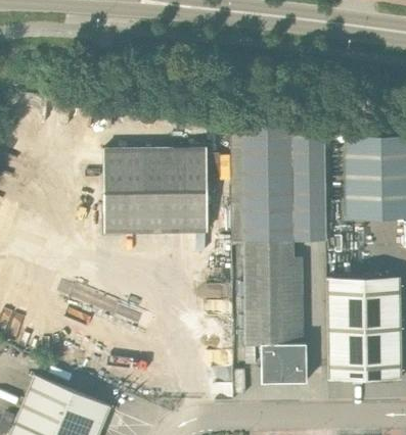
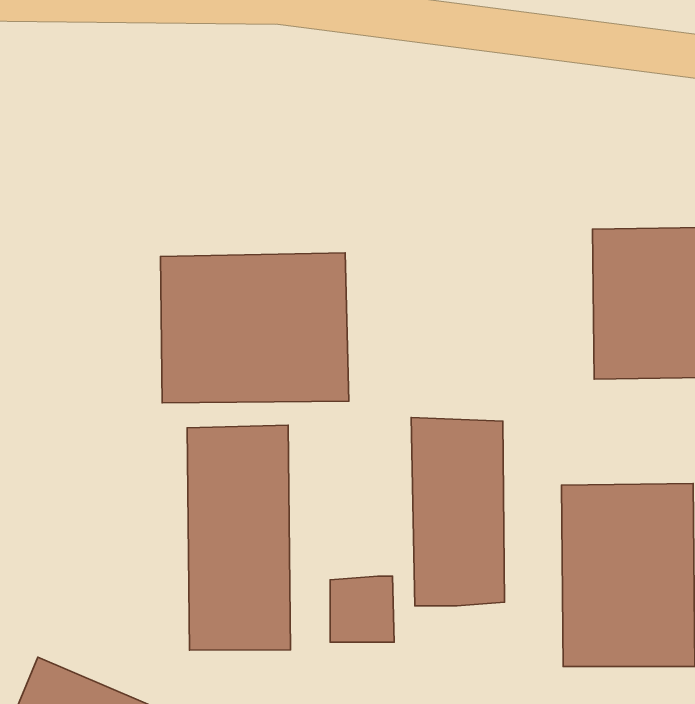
building: [230,115,326,242] -> none
building: none -> [187,425,291,650]
building: [269,343,305,380] -> [330,576,394,642]

